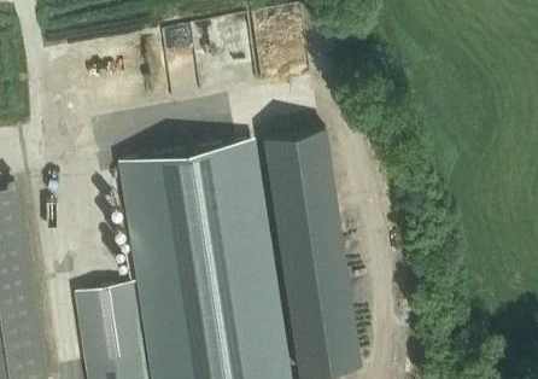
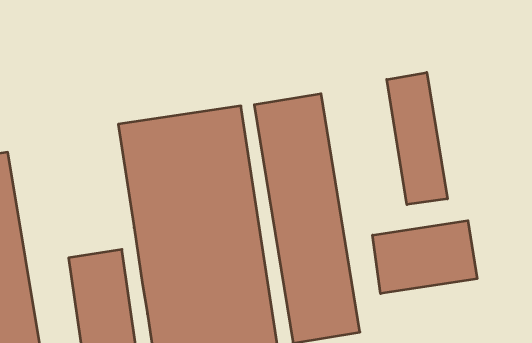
building: none -> [387,72,447,205]
building: none -> [373,221,477,294]

